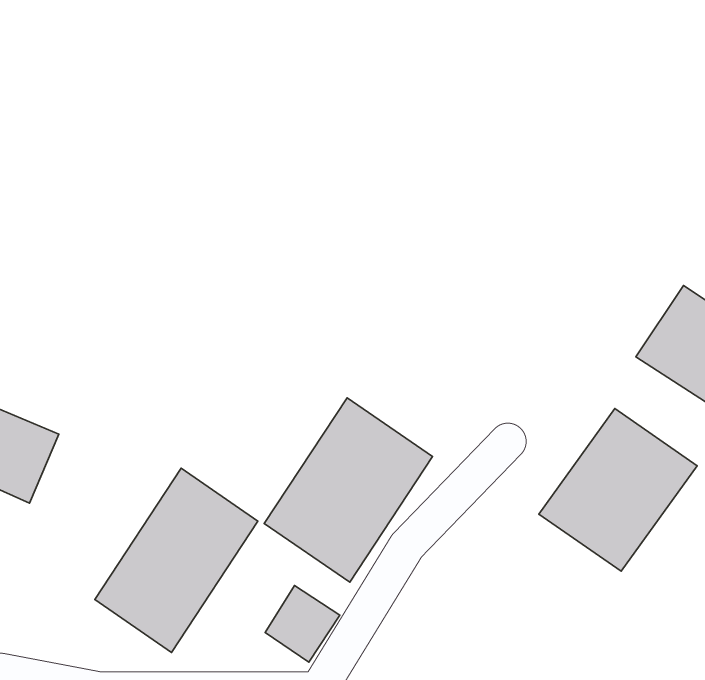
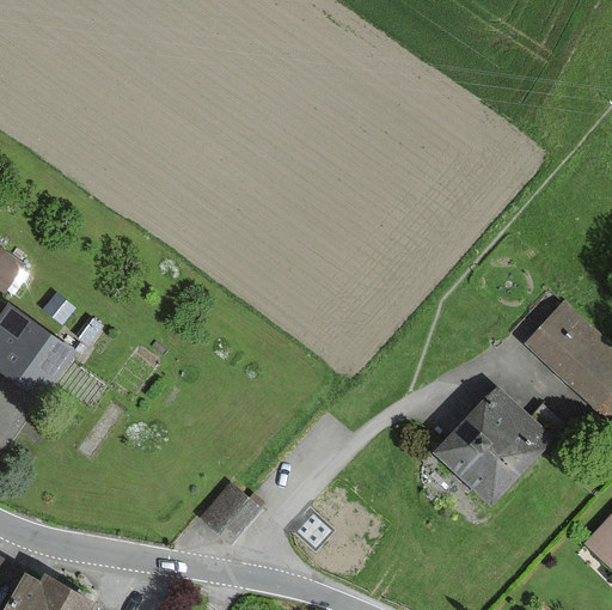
building: [264,398,433,582] -> none
building: [95,468,258,652] -> none

